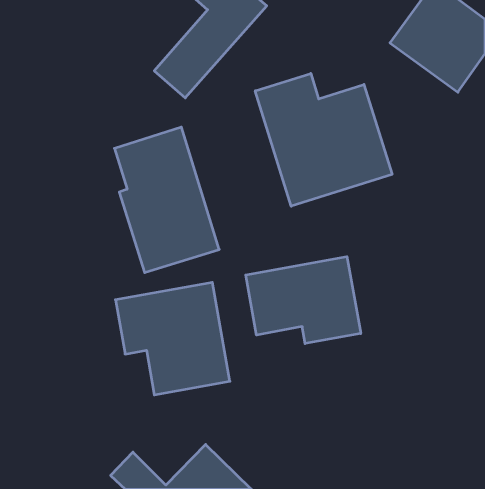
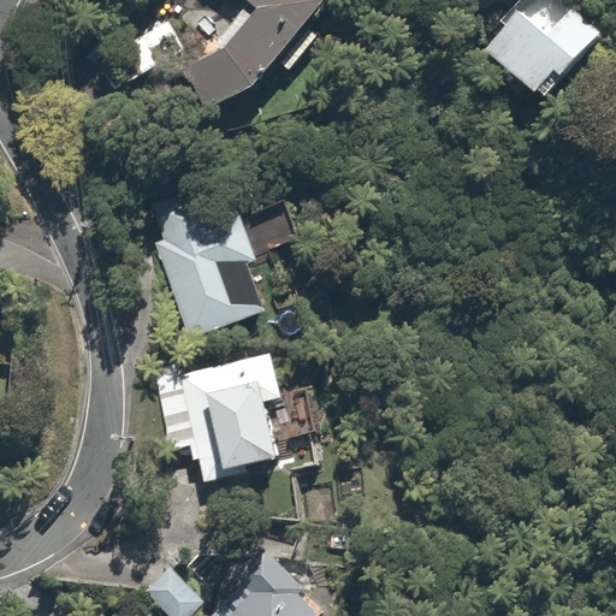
building: [255,73,392,206] -> none
building: [246,257,361,344] -> none

